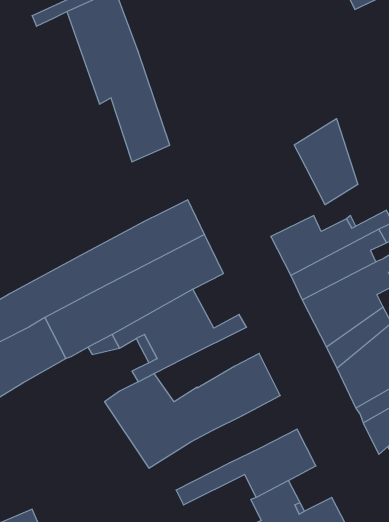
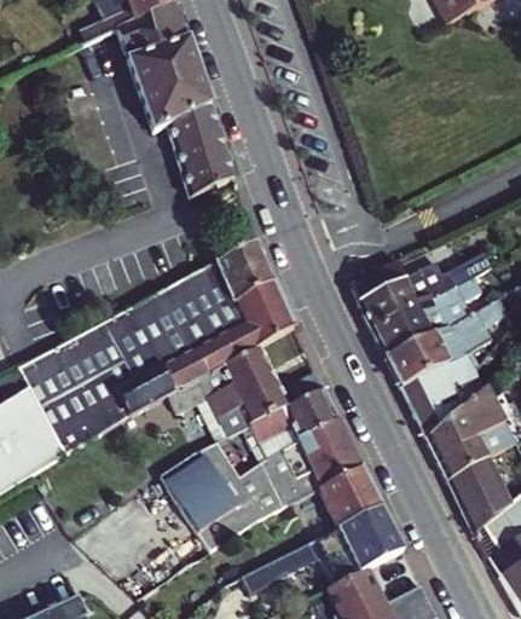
building: [294,119,358,205] -> none
building: none -> [251,388,338,458]
building: none -> [319,467,382,527]

